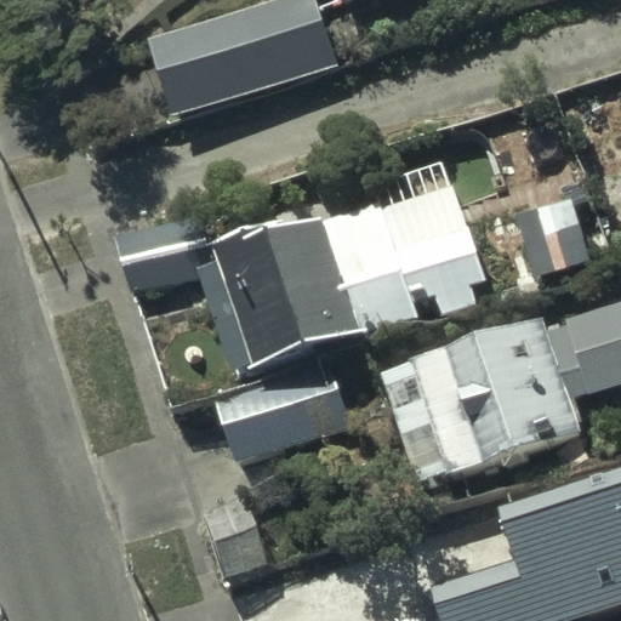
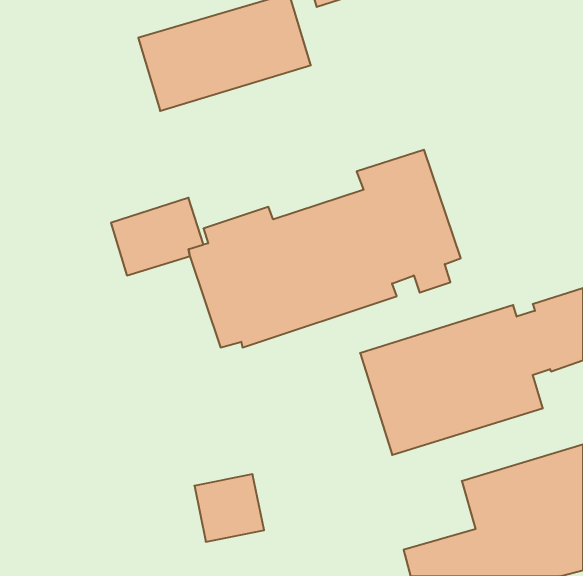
building: [215,360,357,463] -> none

